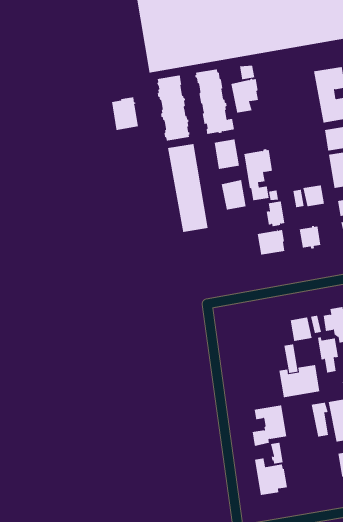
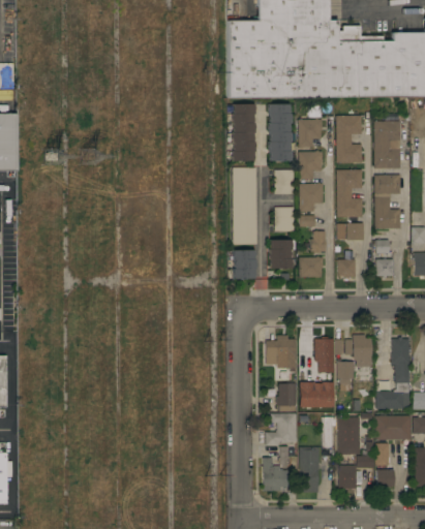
building: none -> [334,116,362,163]
building: [111,96,139,131] -> none
building: none -> [298,151,322,183]
building: none -> [336,169,362,217]
building: none -> [268,240,295,269]
building: none -> [227,250,255,280]
building: none -> [266,336,296,369]
building: none -> [276,383,296,411]
building: none -> [299,447,320,493]

